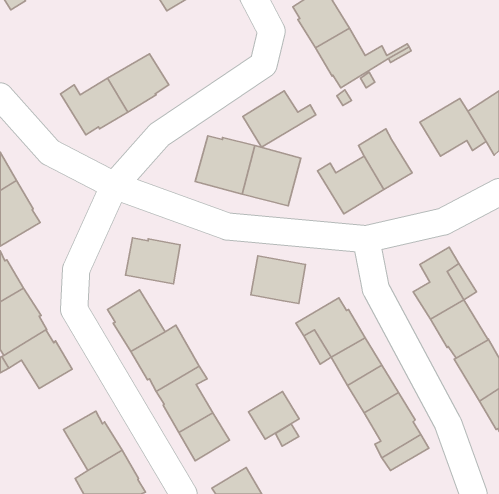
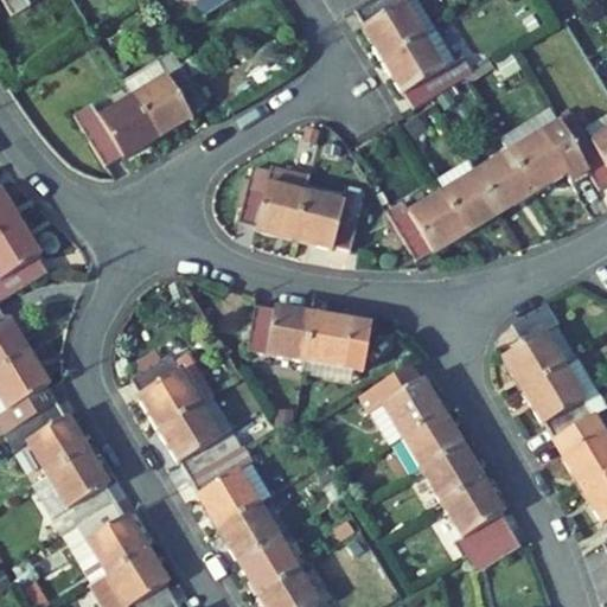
building: [243,91,316,147] -> none
building: none -> [475,148,535,210]
building: [126,238,180,284] -> [247,302,313,358]
building: none -> [32,448,116,531]
building: [248,391,299,439] -> [237,535,299,593]

